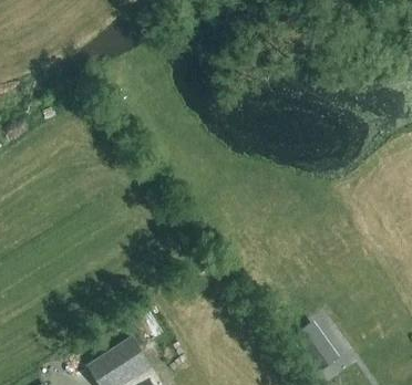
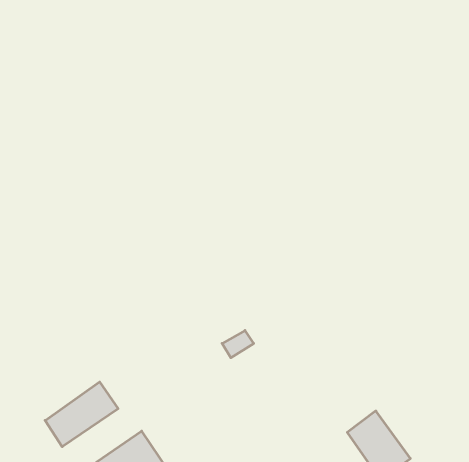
building: none -> [45,382,118,447]

